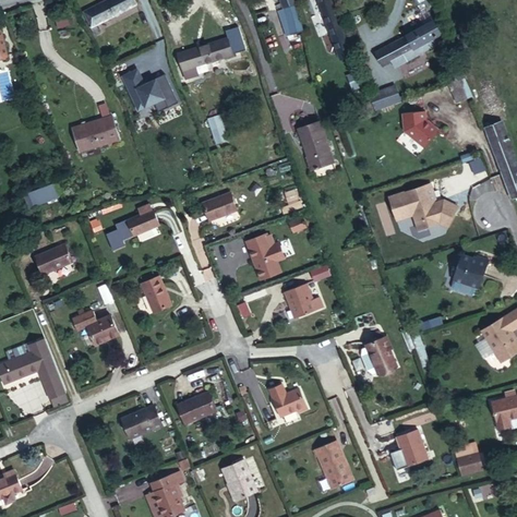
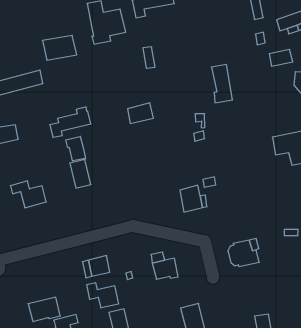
building: [247,228,288,276] -> none
building: none -> [66,136,85,161]
building: [115,401,158,437] -> [28,297,60,322]
building: none -> [87,283,118,308]

